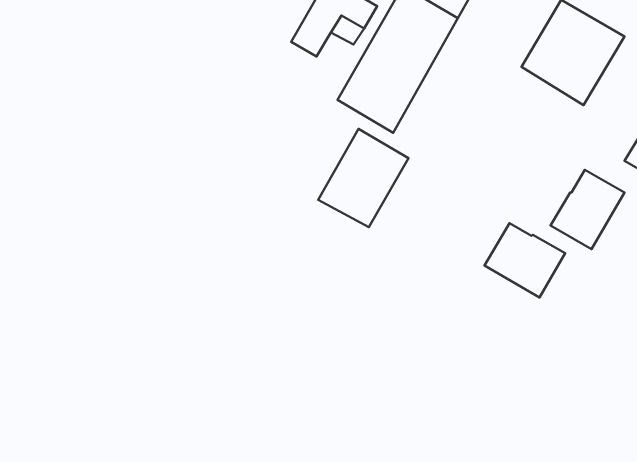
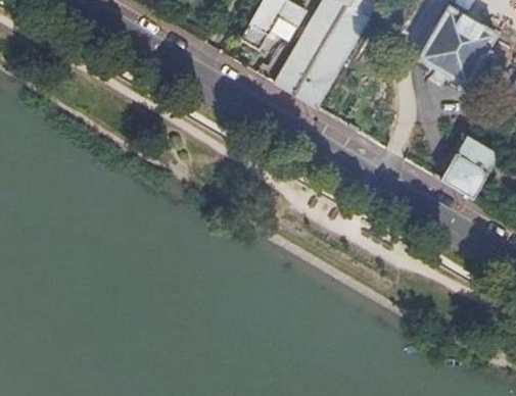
building: [318,129,408,227] -> none
building: [484,223,565,298] -> none

